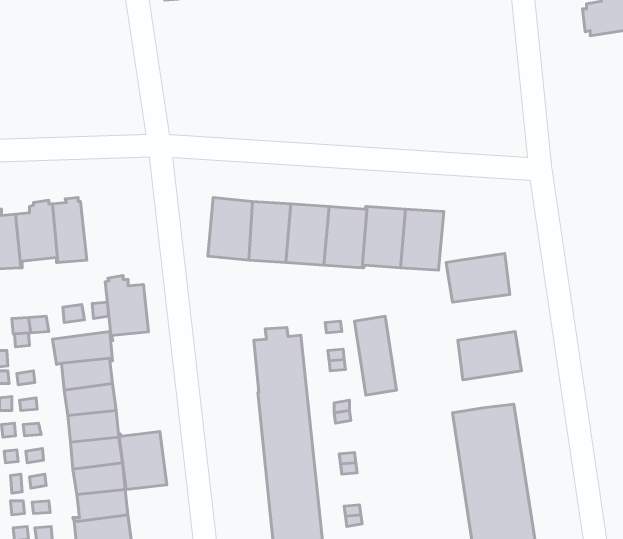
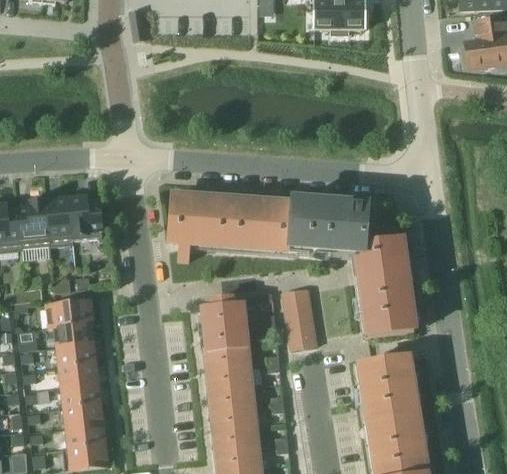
building: none -> [349,206,369,253]
building: [105,276,148,341] -> [68,193,102,244]
building: none -> [360,271,409,307]
building: [119,432,167,490] -> none

